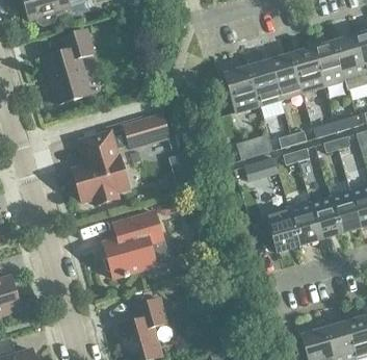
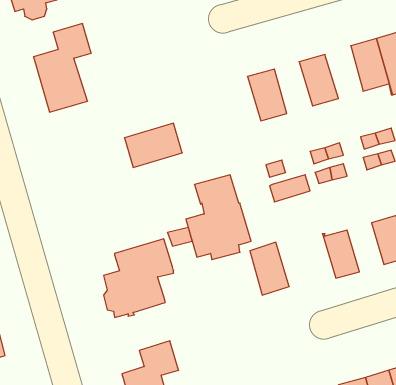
building: [291,48,323,93] -> none
building: [248,61,281,105] -> none
building: [73,132,128,204] -> [186,175,251,260]
building: [310,198,341,239] -> none
building: [267,207,300,252] -> [250,242,289,295]

